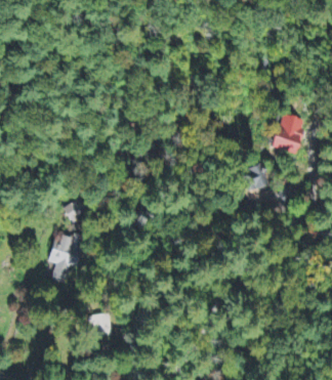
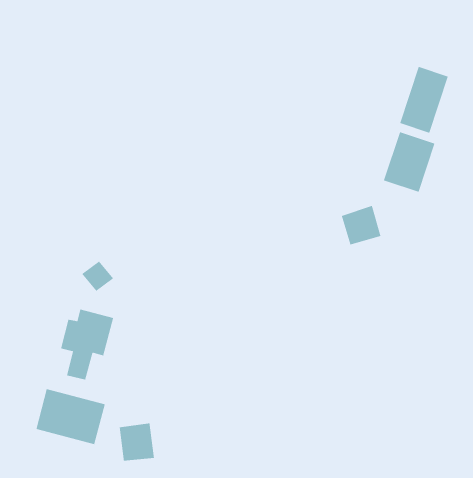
building: none -> [399,66,449,134]
building: none -> [35,388,106,445]

